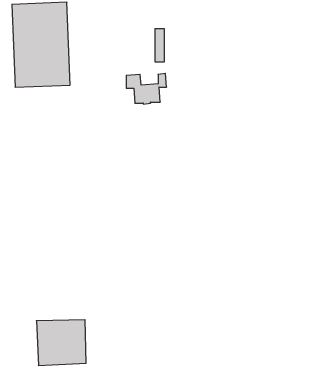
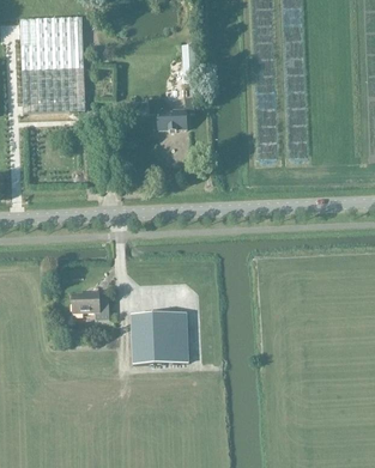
building: none -> [71,292,108,320]
building: [36,320,86,365] -> [129,312,186,364]

